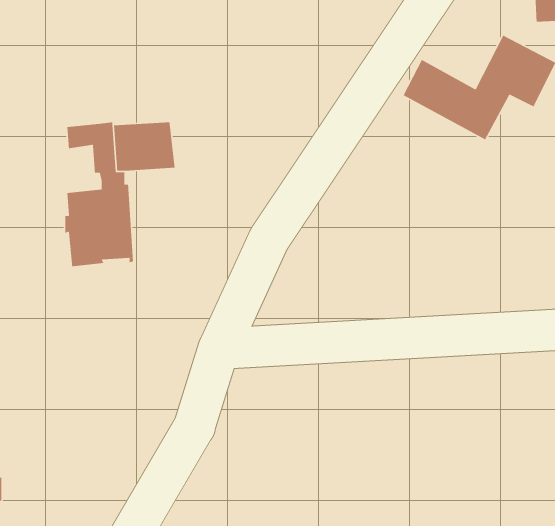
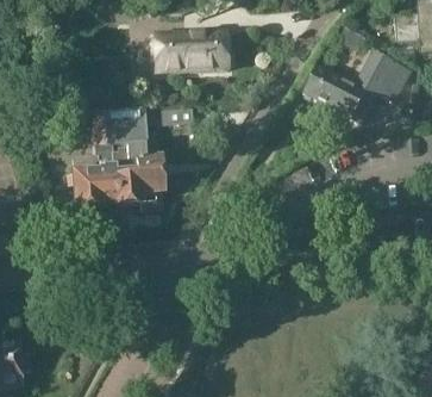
building: none -> [156,31,234,70]
building: none -> [118,145,164,210]

